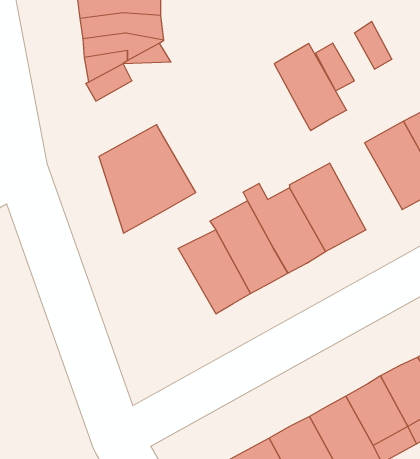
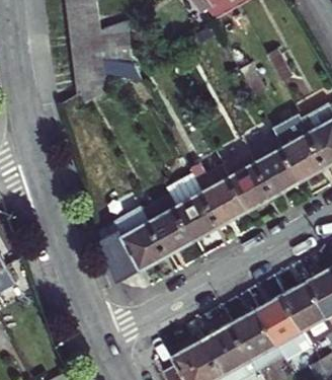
building: [274,44,347,130] -> [247,134,298,195]
building: [99,125,196,233] -> [99,206,167,282]

